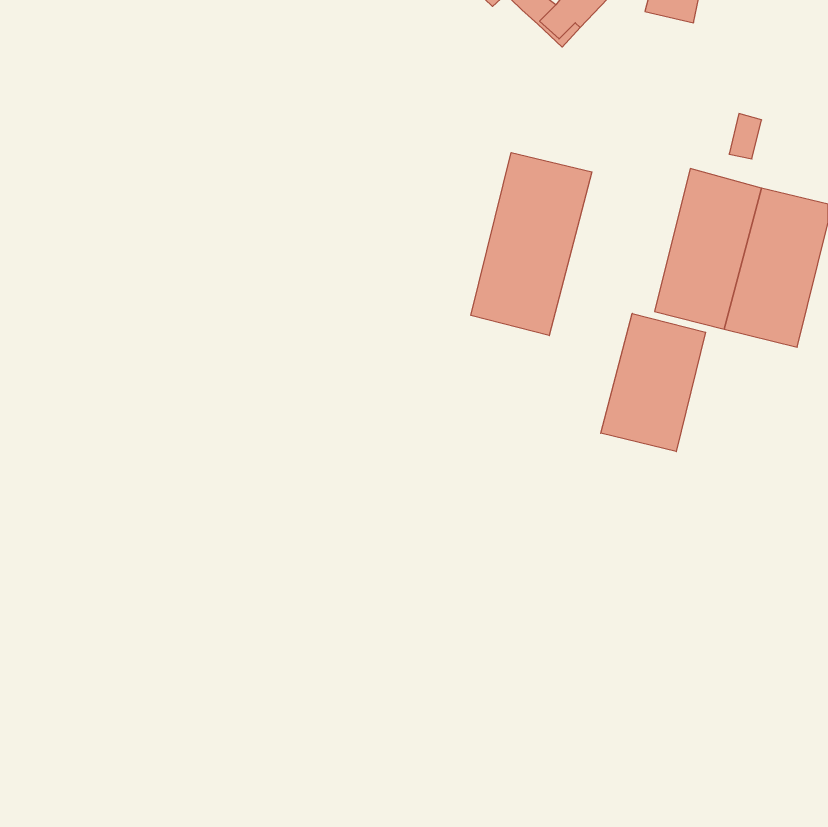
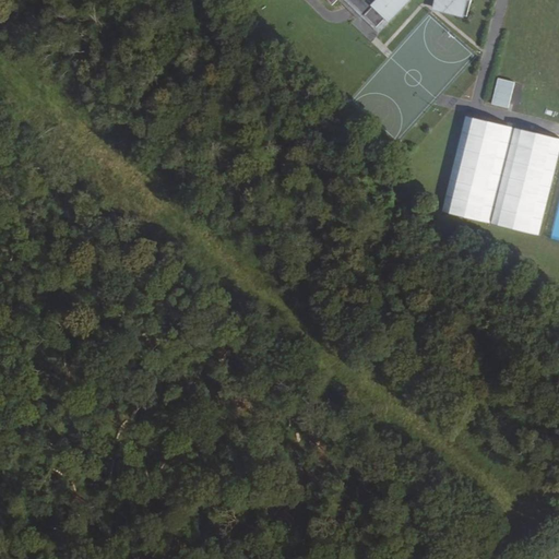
building: [471,153,592,336] -> none
building: [601,313,706,452] -> none

